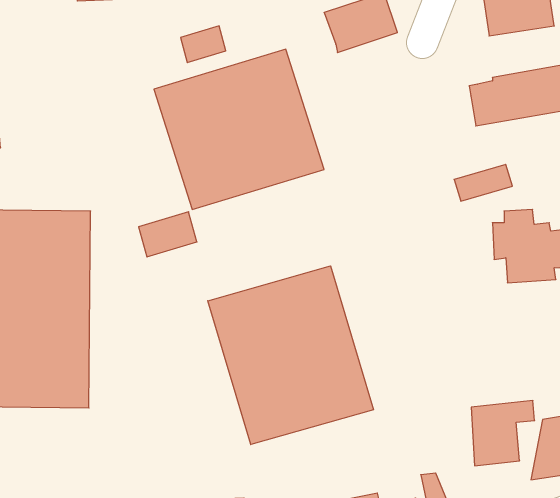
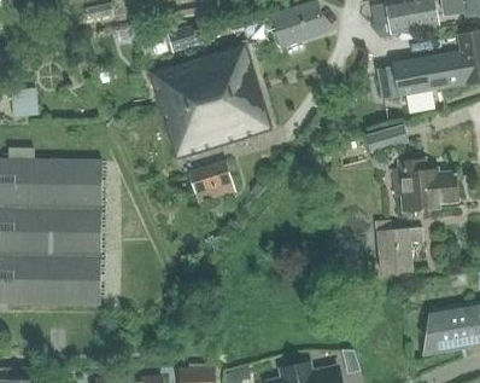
building: [139,212,197,257] -> [189,159,232,192]
building: [208,266,374,445] -> none
building: [471,401,535,466] -> [377,227,423,274]

